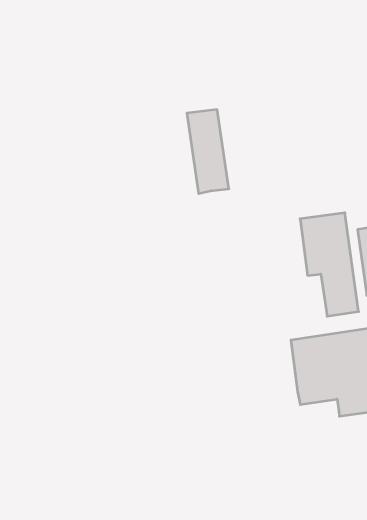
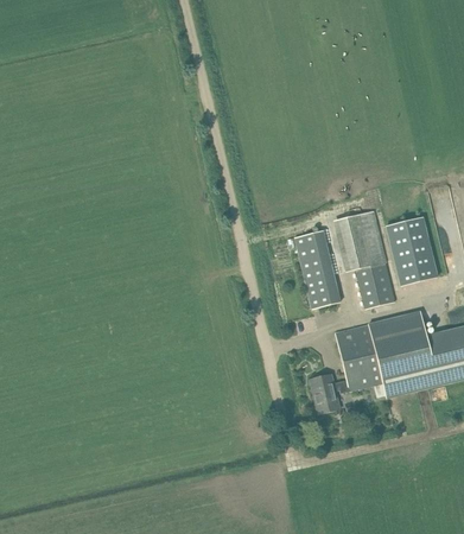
building: [187,110,229,194] -> [294,230,339,309]
building: none -> [310,373,349,413]

